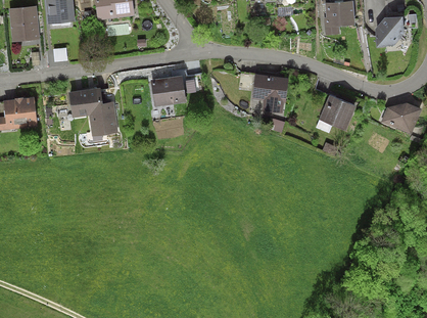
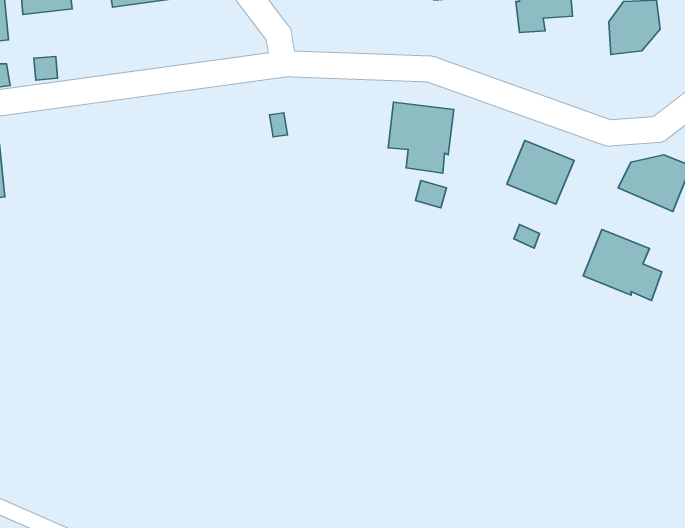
building: [149,75,185,107] -> none
building: [68,88,117,137] -> none
building: none -> [583,229,662,300]

